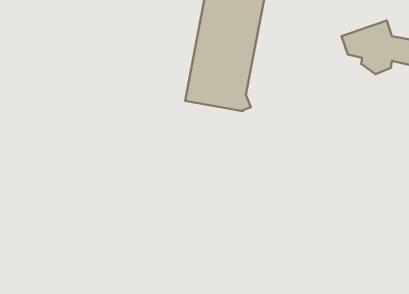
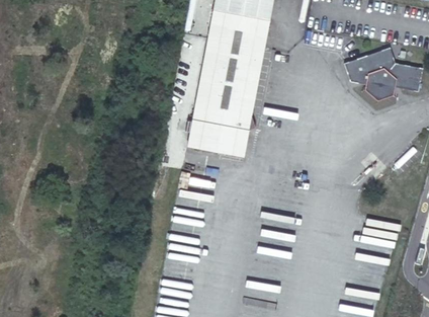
building: none -> [186,123,248,160]

